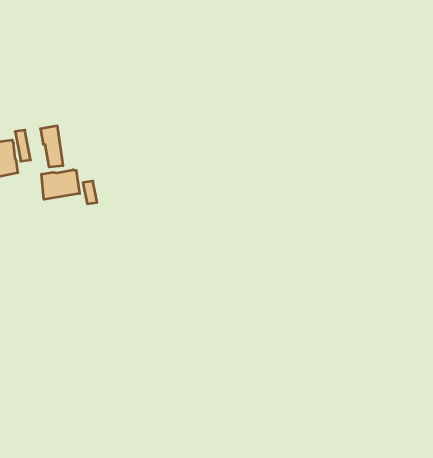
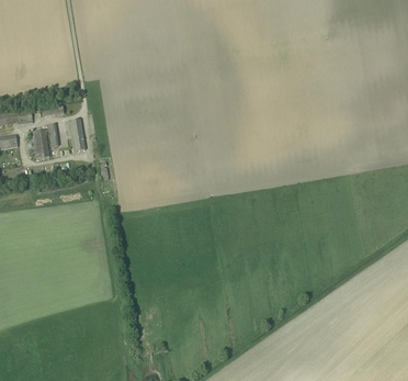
building: [42,170,80,199] -> none

